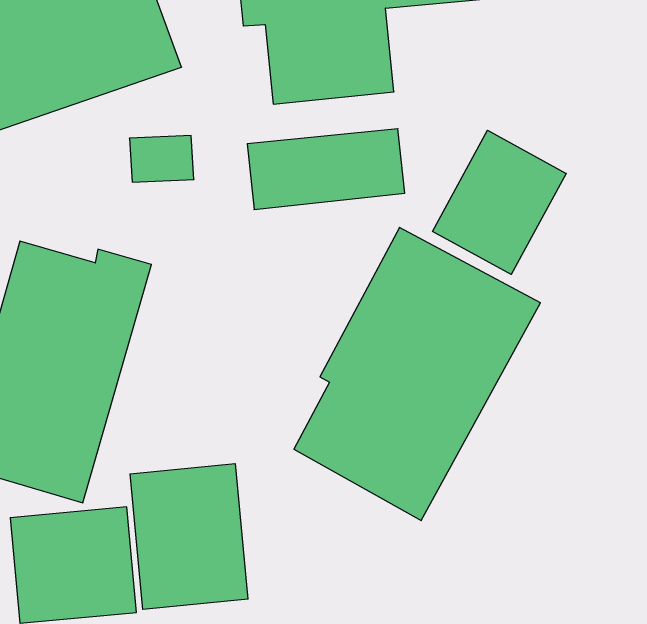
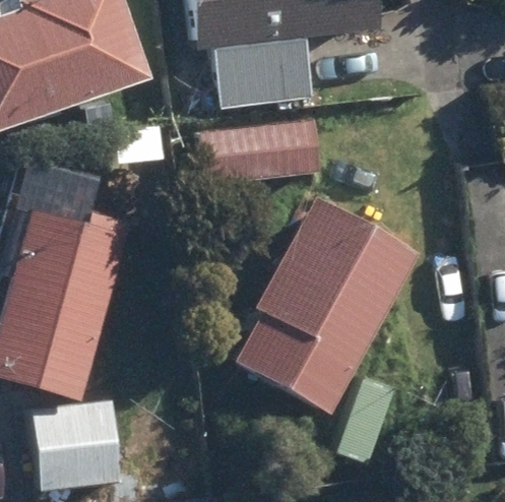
building: [433,130,566,274] -> none
building: [130,464,248,609] -> none

